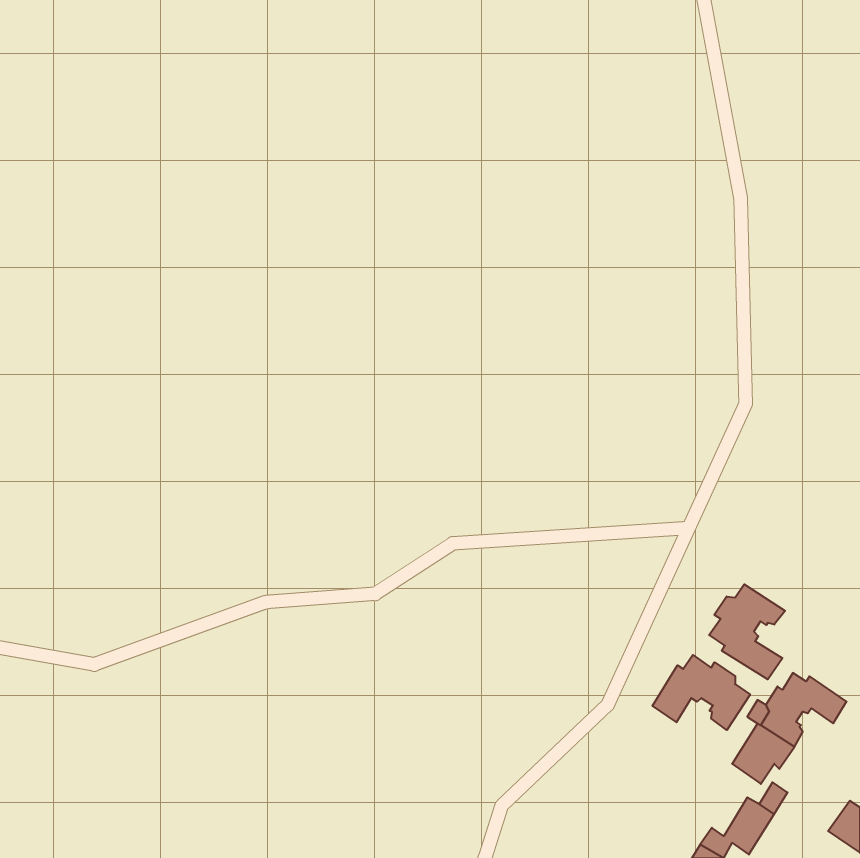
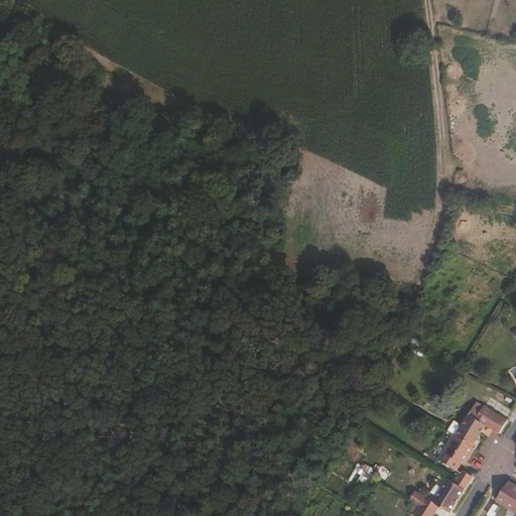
building: [709,584,785,679] -> none
building: [652,655,750,730] -> none

